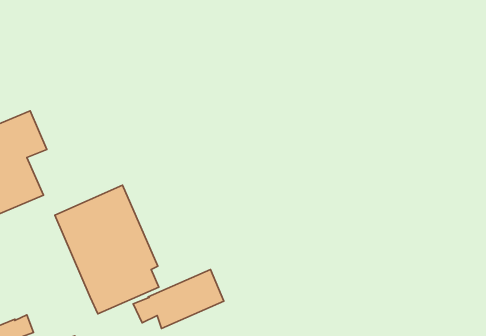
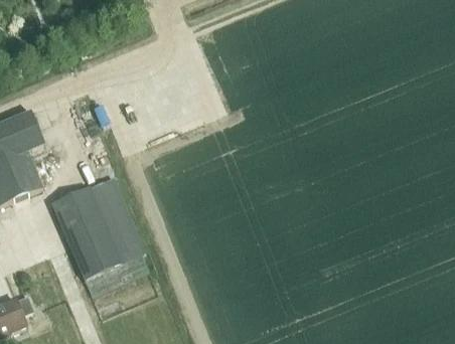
building: [133,270,224,328] -> none

